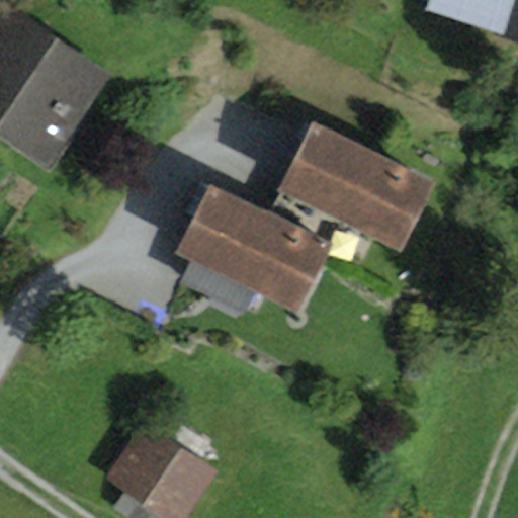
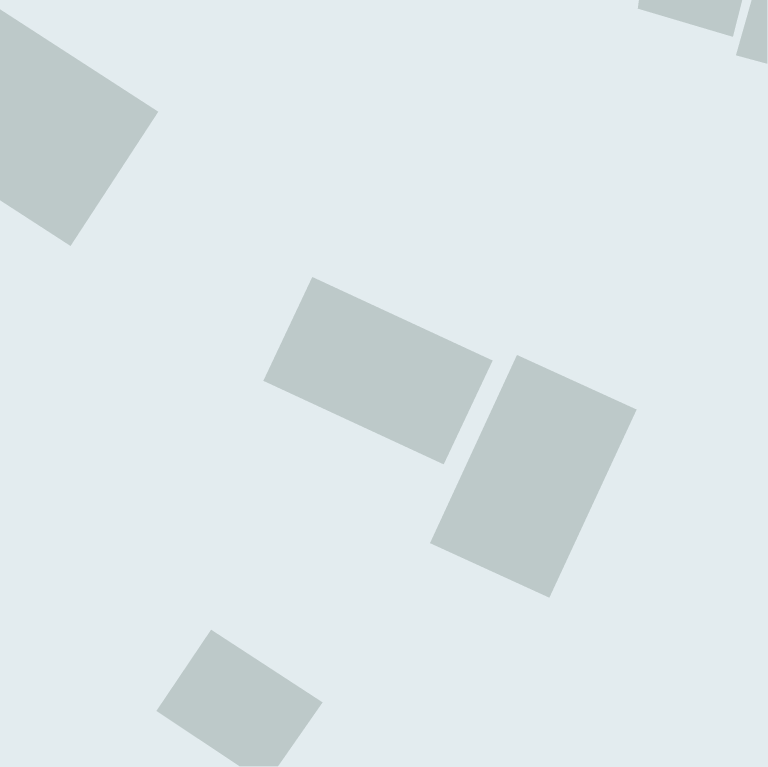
building: [276,123,436,254] -> none
building: none -> [429,354,638,599]

